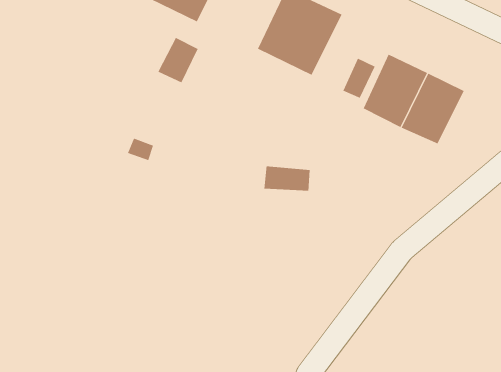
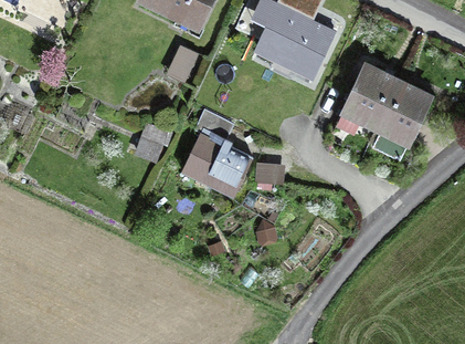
building: none -> [183,108,252,192]

